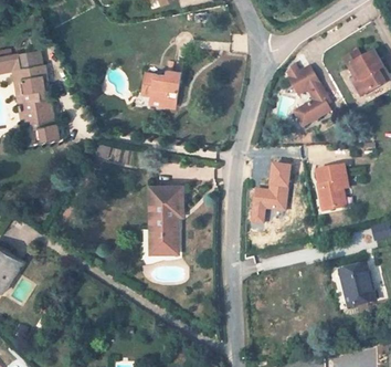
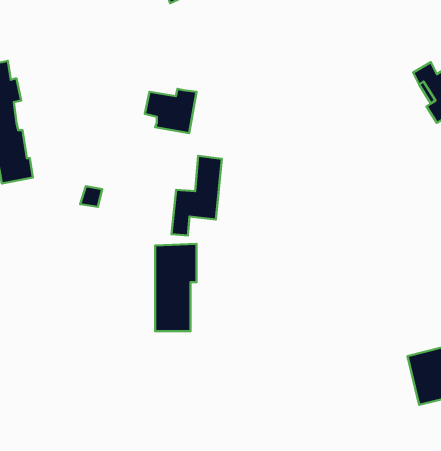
building: [286,64,330,126] -> none
building: [251,162,288,222] -> [172,156,222,236]
building: [316,165,348,210] -> none

